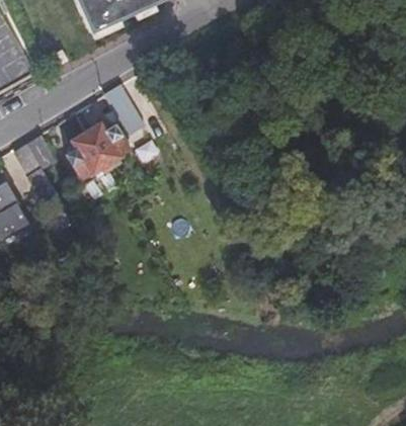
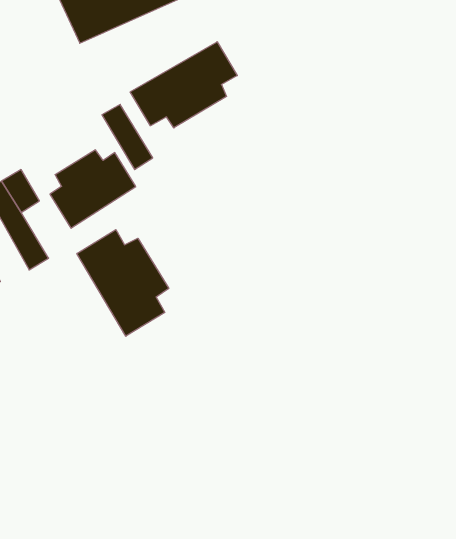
building: none -> [130,42,237,128]
building: none -> [77,230,169,336]

